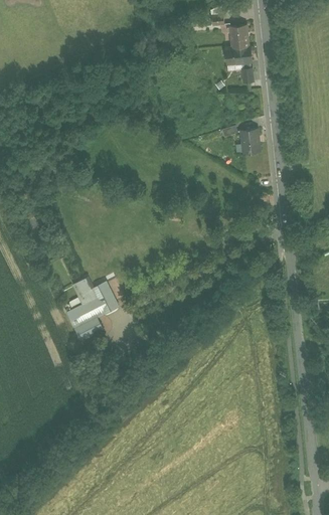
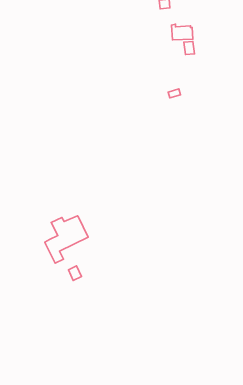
building: [227,24,248,47] -> none
building: [238,127,260,153] -> none

